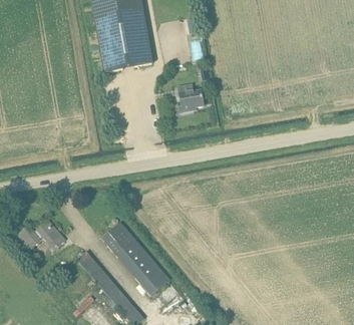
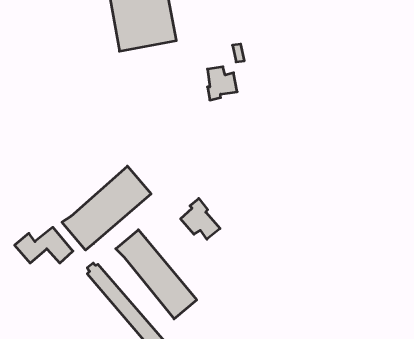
building: none -> [62,166,151,250]
building: none -> [181,198,220,239]

